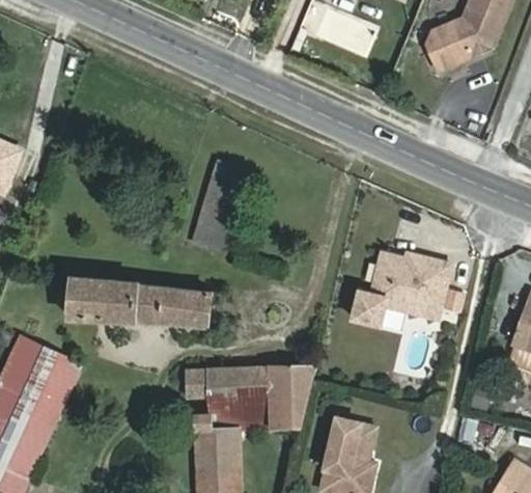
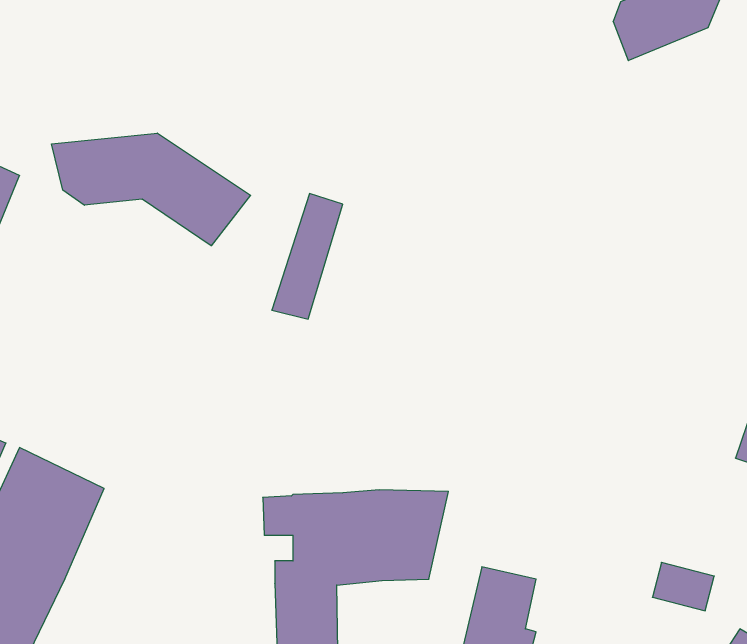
building: none -> [52,133,251,246]
building: [352,252,450,325] -> none
building: [65,277,211,328] -> none

